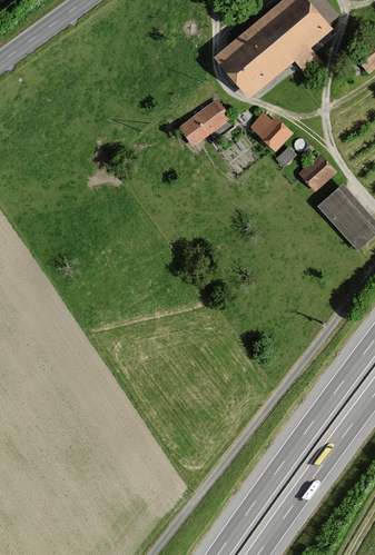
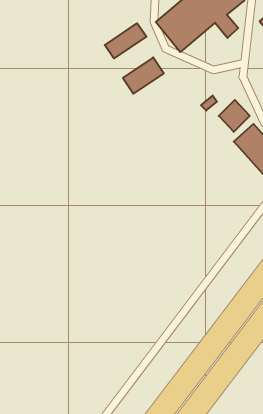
building: none -> [105,23,146,58]
building: [250,113,292,151] -> none

